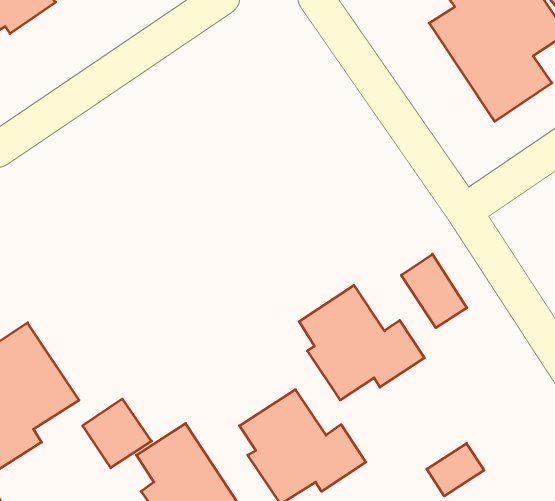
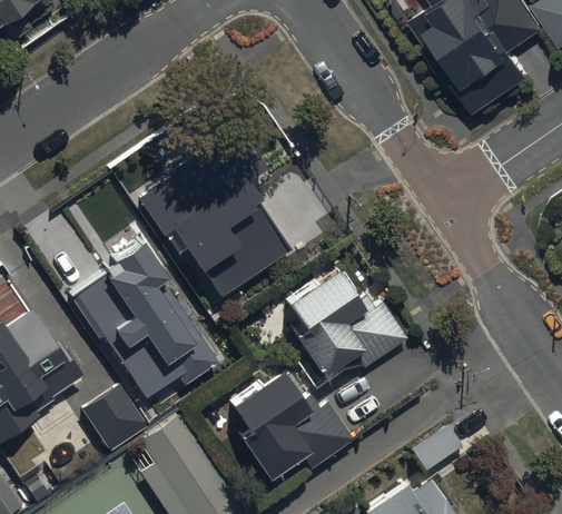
building: none -> [148,127,292,299]
building: [401,254,467,328] -> none
building: none -> [72,243,213,396]

